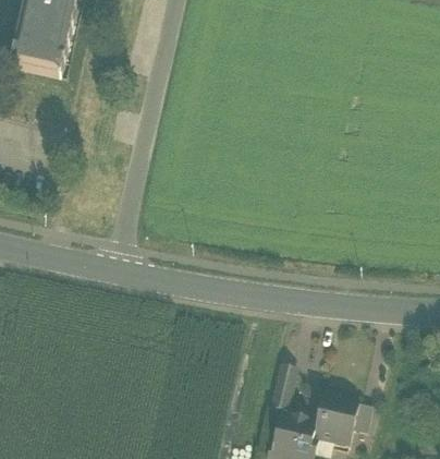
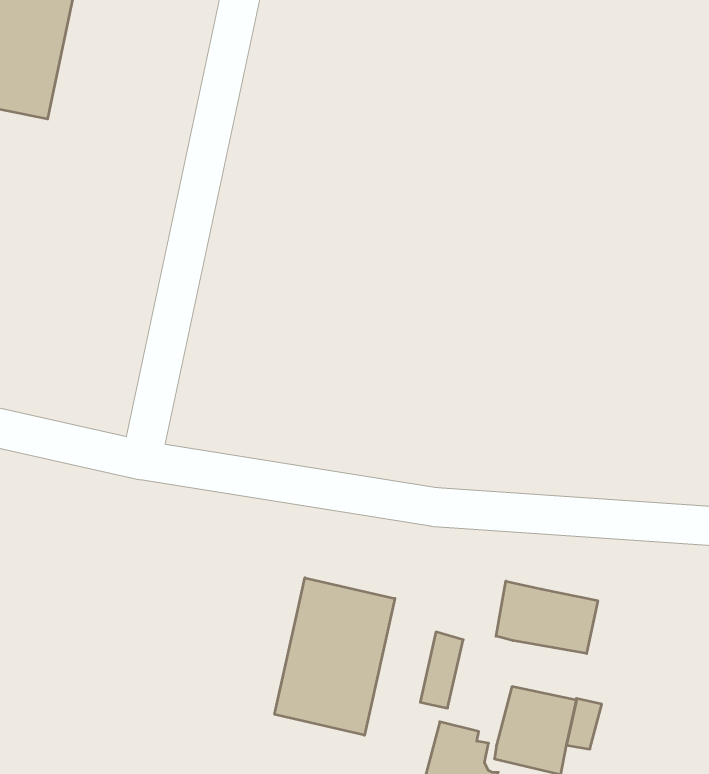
building: none -> [275,578,395,735]
building: none -> [496,581,598,654]

